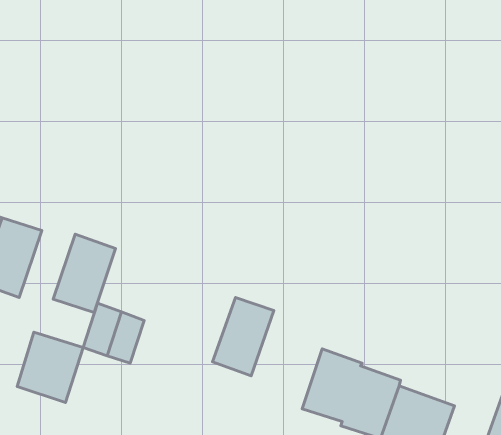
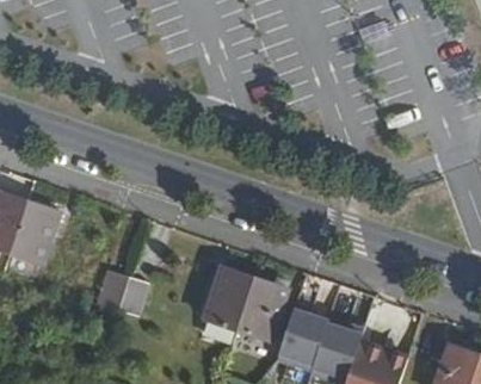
building: [53,234,115,312] -> none
building: none -> [235,275,286,341]
building: [17,332,83,403] -> none

